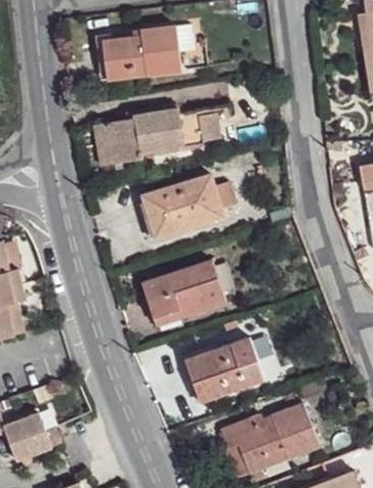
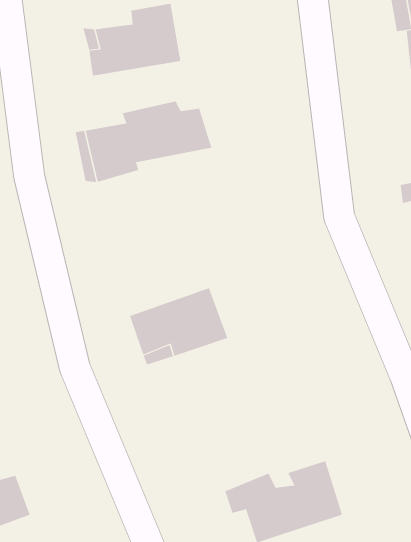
building: [148,175,222,238] -> none
building: [186,343,267,403] -> none

